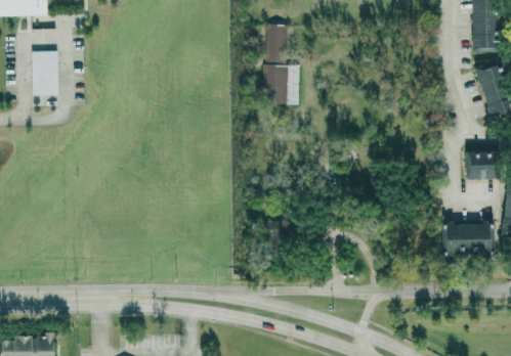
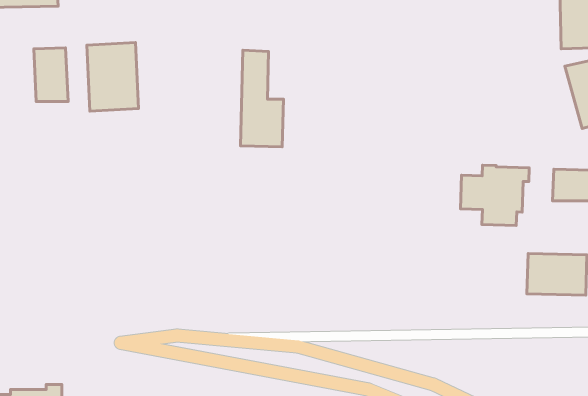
building: [264,24,300,104] -> [240,50,283,147]
building: none -> [87,43,138,111]
building: none -> [460,165,529,226]

